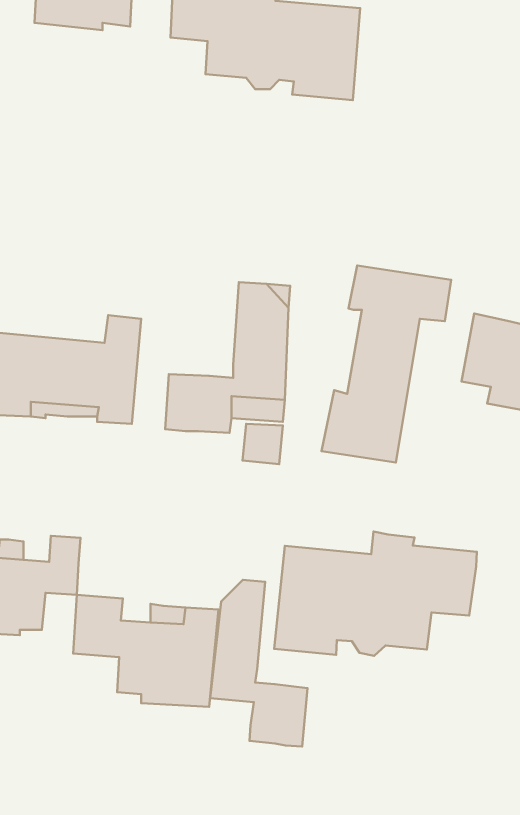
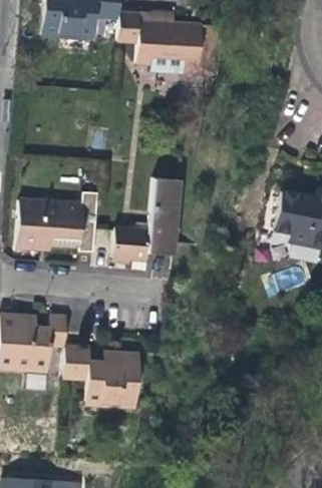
building: [322,265,451,463] -> none
building: [274,531,477,656] -> none
building: [210,580,308,746] -> none

